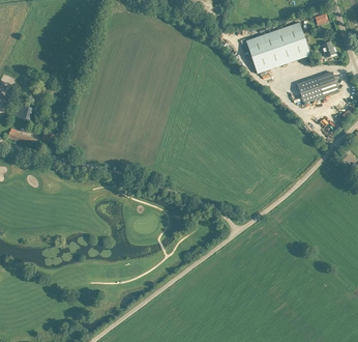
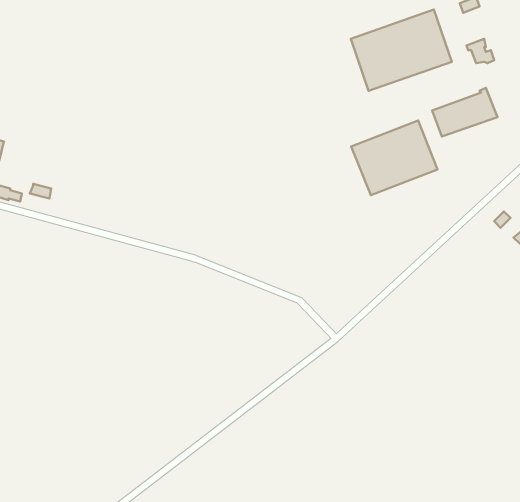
building: none -> [351,120,437,195]

